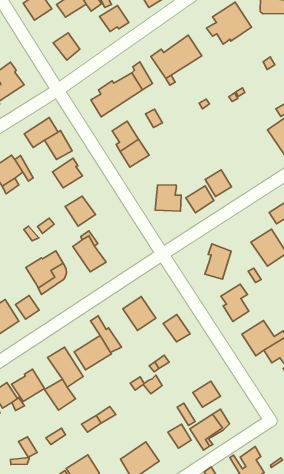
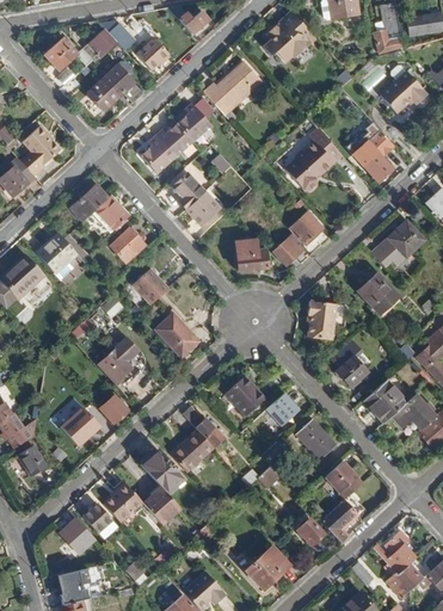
building: none -> [103,61,144,103]
building: none -> [285,128,343,190]
building: none -> [296,418,338,459]

